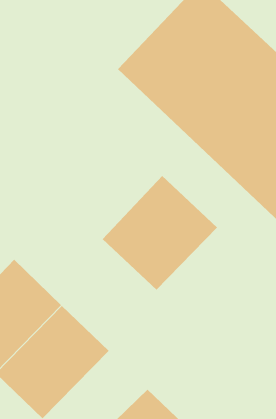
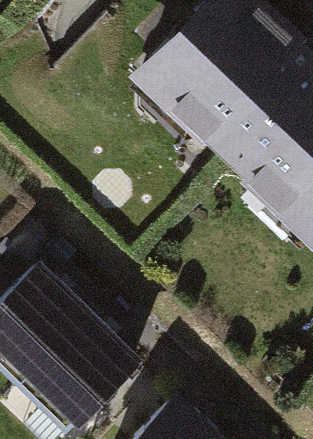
building: [102,175,218,291] -> none

